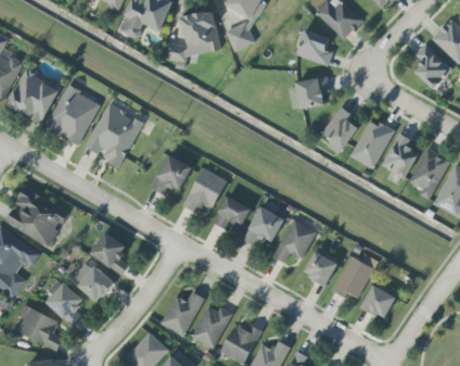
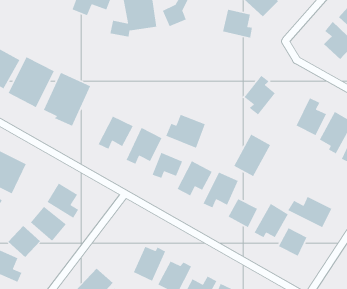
building: [288,78,329,110] -> none
building: [349,118,394,169] -> [233,134,271,177]
building: none -> [165,114,206,149]
building: none -> [287,196,332,228]
building: [159,292,204,337] -> none

